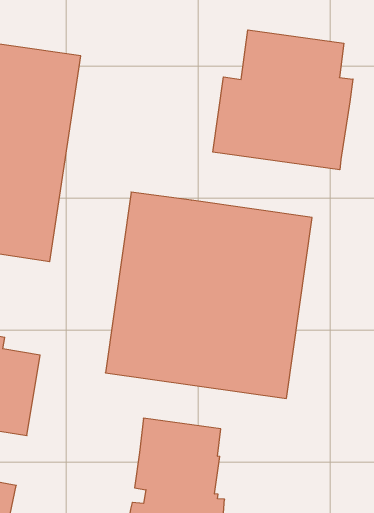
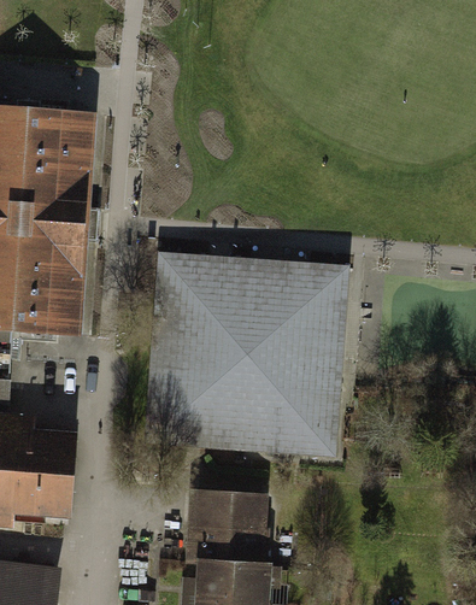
building: [213,30,353,170] -> none

